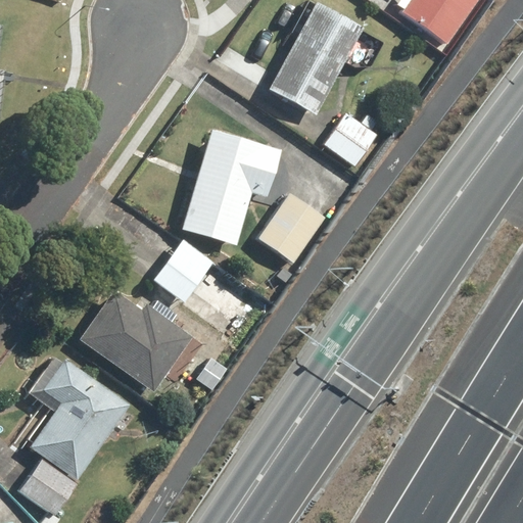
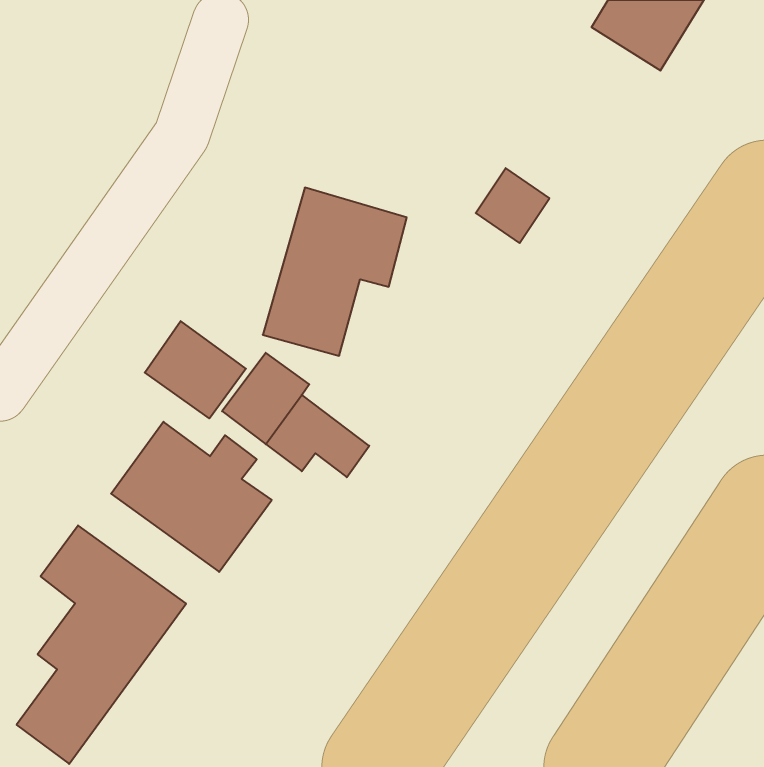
building: [272,6,388,116] -> none
building: [259,193,325,260] -> none
building: none -> [145,321,246,418]

